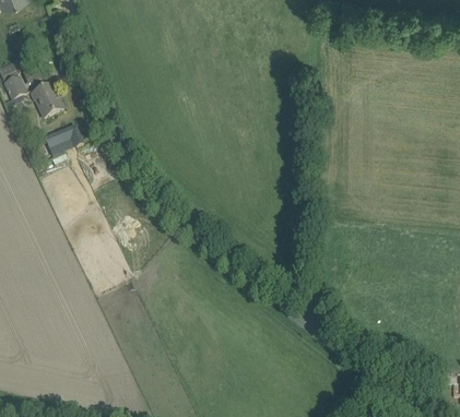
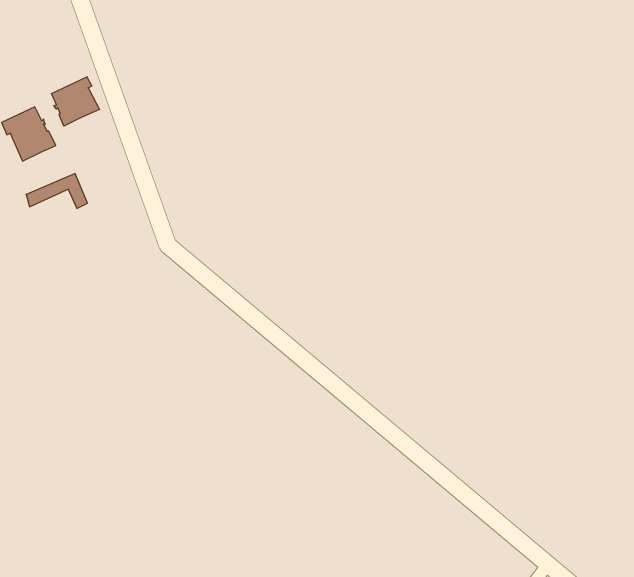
building: none -> [52,77,99,126]

